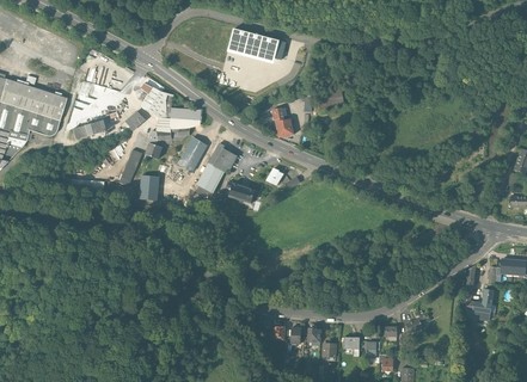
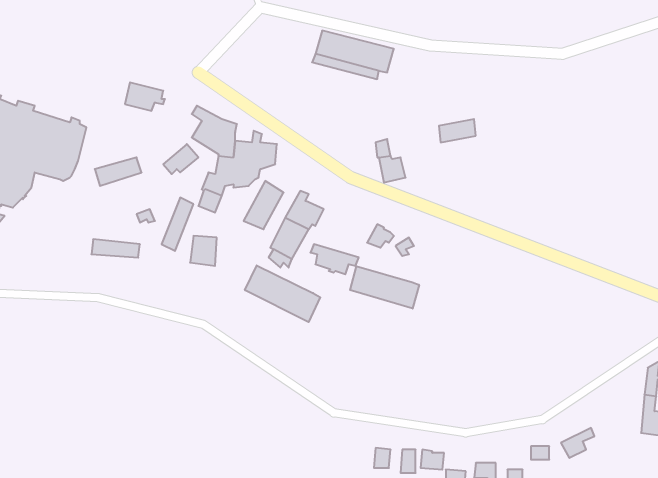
building: none -> [245,265,320,322]
building: none -> [350,266,419,309]

